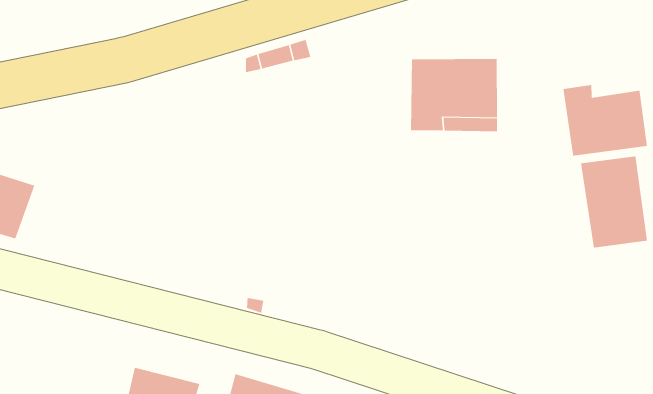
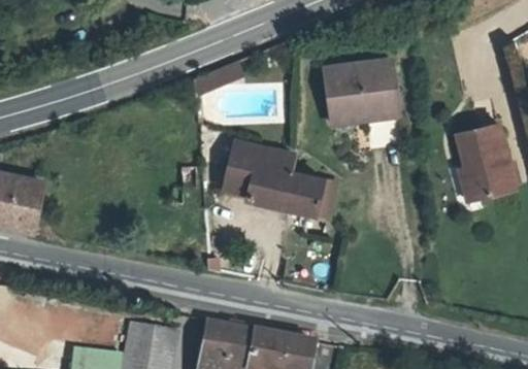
building: [563,84,647,156] -> none
building: none -> [224,138,332,219]

